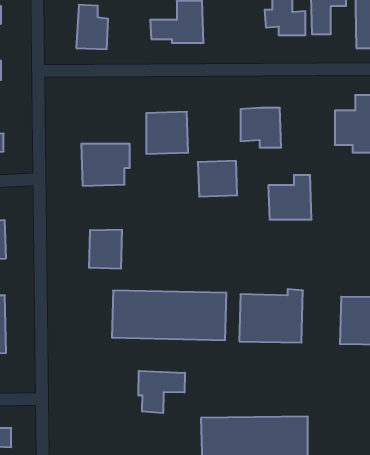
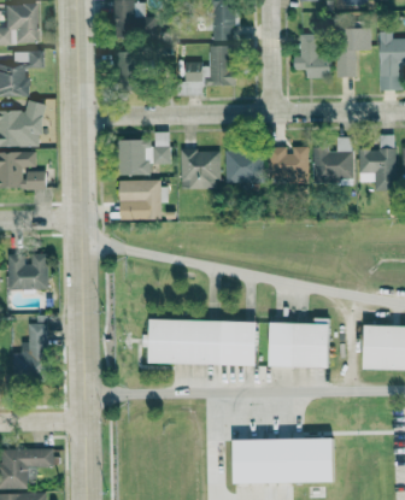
building: none -> [117,133,170,176]
building: [198,161,237,197] -> [224,151,262,184]
building: [268,175,312,220] -> [312,139,353,181]
building: [89,230,122,269] -> none
building: [138,371,185,413] -> none

